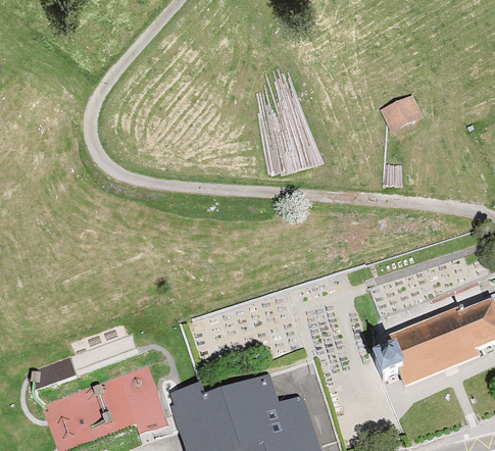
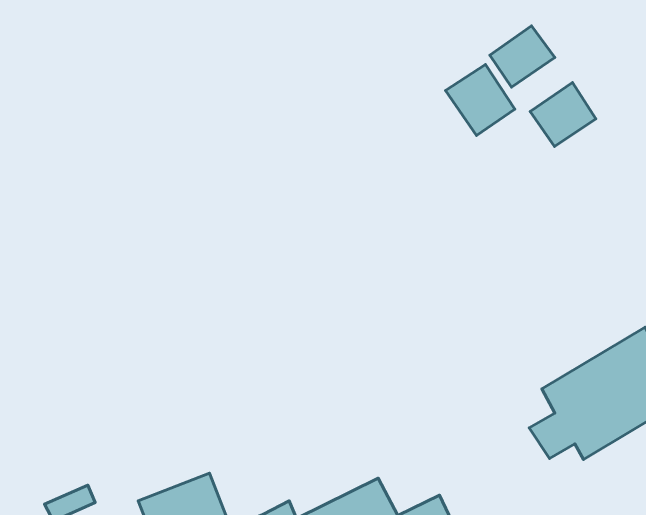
building: none -> [446,65,515,136]
building: none -> [530,83,596,146]

